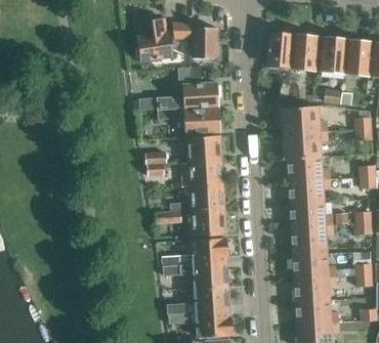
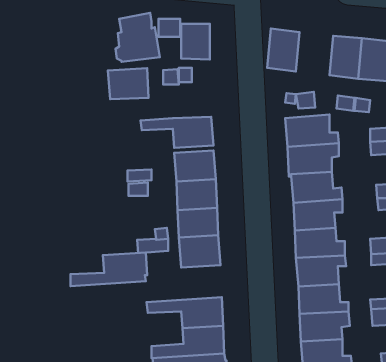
building: [291,35,319,71] -> none
building: [183,82,218,109] -> [108,68,149,99]
building: [163,238,228,266] -> [71,253,147,286]

